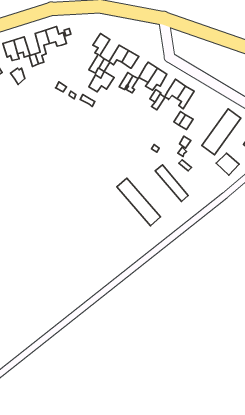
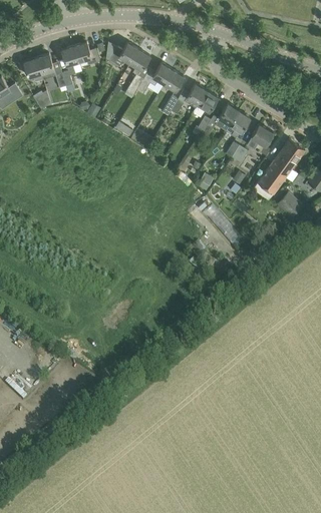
building: [89,71,114,92] -> [108,41,138,65]
building: none -> [246,123,272,151]
building: [117,178,160,226] -> none

